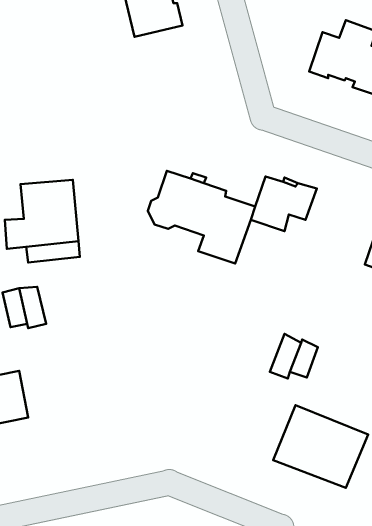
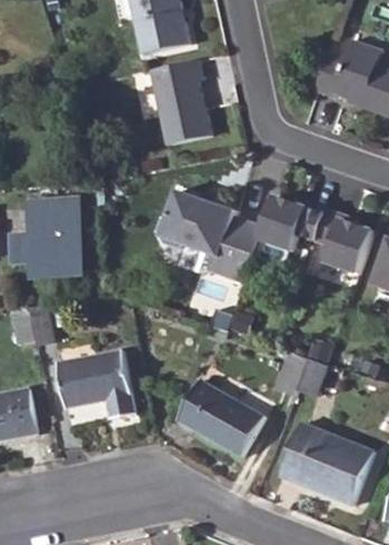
building: none -> [147,58,210,145]
building: none -> [311,206,370,270]
building: none -> [57,350,134,420]
building: none -> [178,379,265,457]

